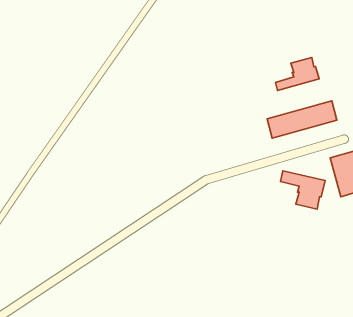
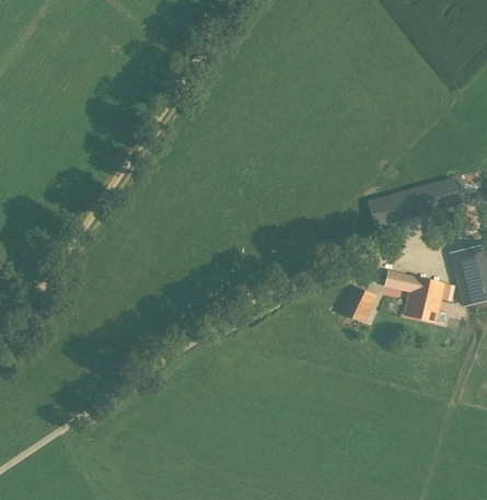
building: [275,57,319,90] -> none
building: none -> [339,284,378,323]

